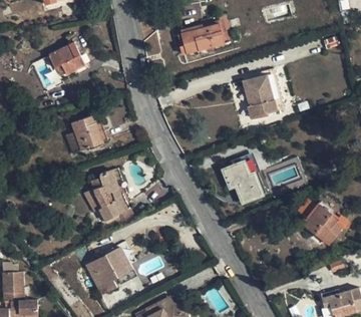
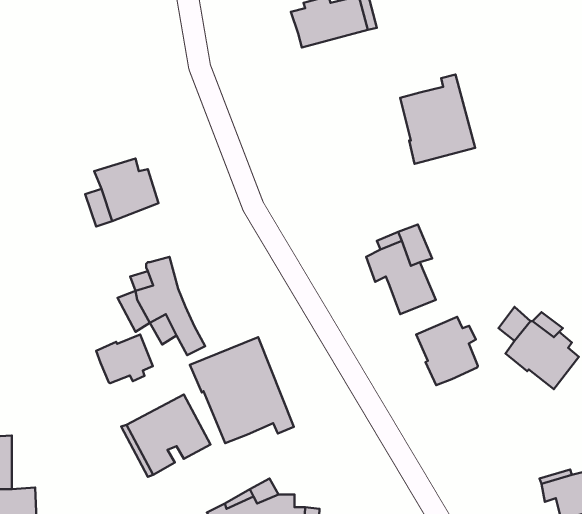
building: [47,42,88,74] -> none
building: none -> [416,317,478,385]
building: none -> [96,334,153,383]
building: none -> [190,337,294,443]

